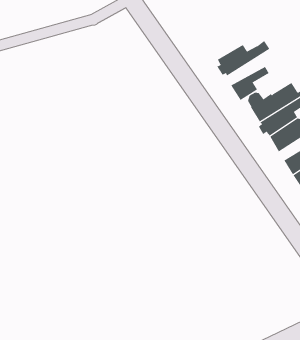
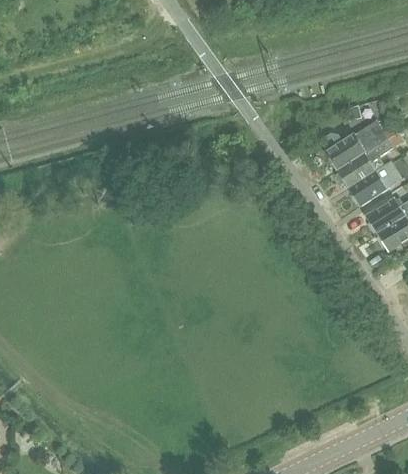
building: [217,40,270,76] -> none
building: [231,66,269,101] -> none

